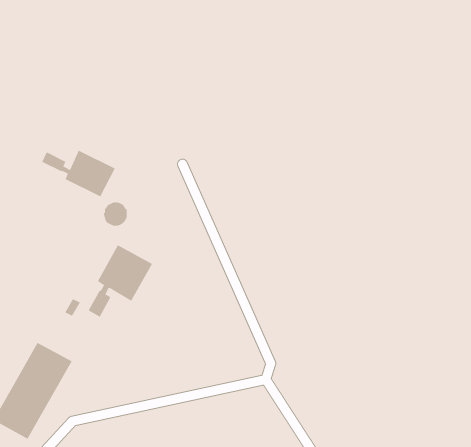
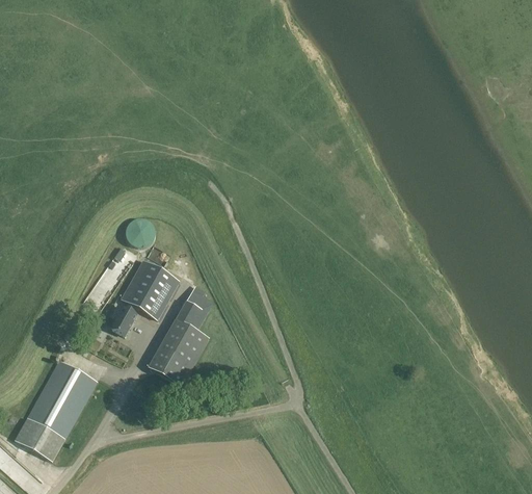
building: [42,150,116,197] -> none
building: none -> [149,290,212,385]

